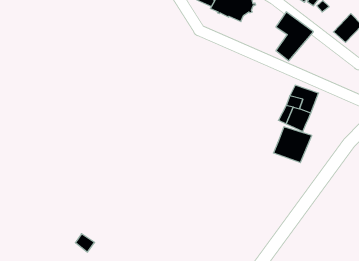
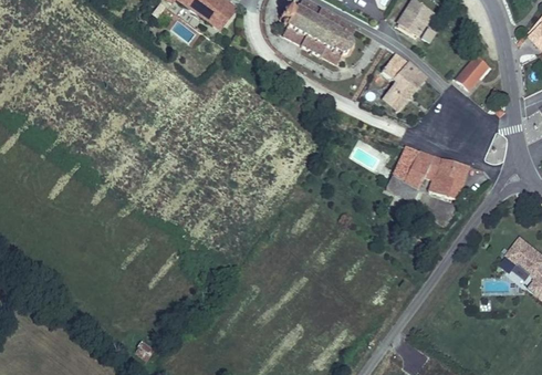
building: [273,127,312,163] -> [423,155,471,200]

